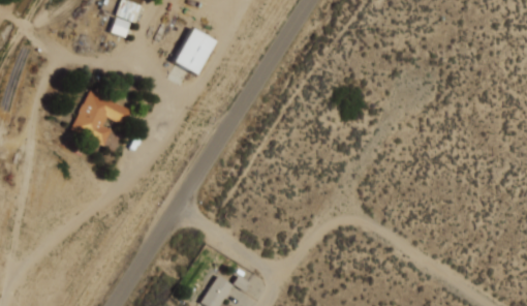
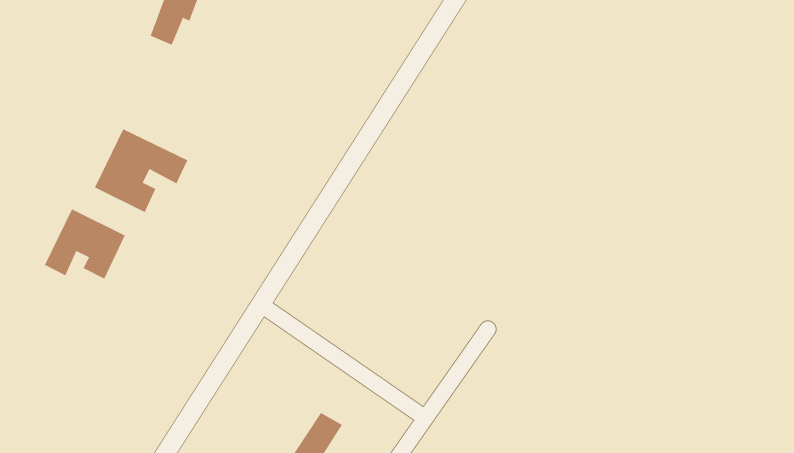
building: [171,27,213,73] -> none
building: none -> [44,209,126,280]

